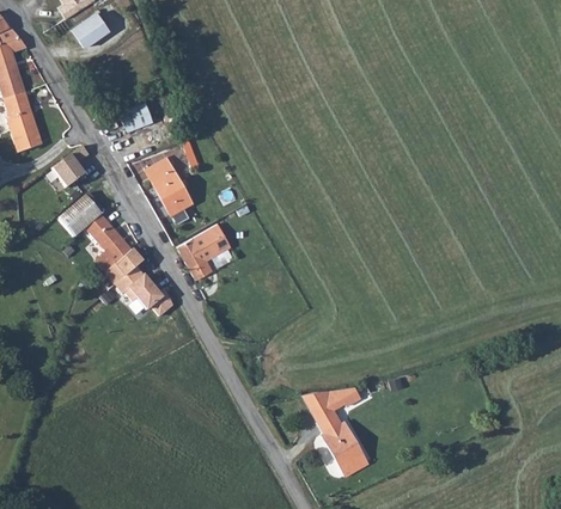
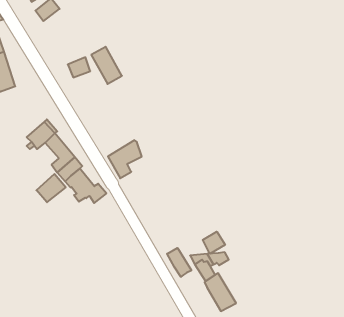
building: [50,143,89,186] -> none
building: [147,159,193,214] -> [91,47,122,84]
building: none -> [36,174,66,202]
building: none -> [203,232,225,254]
building: none -> [167,248,191,277]

